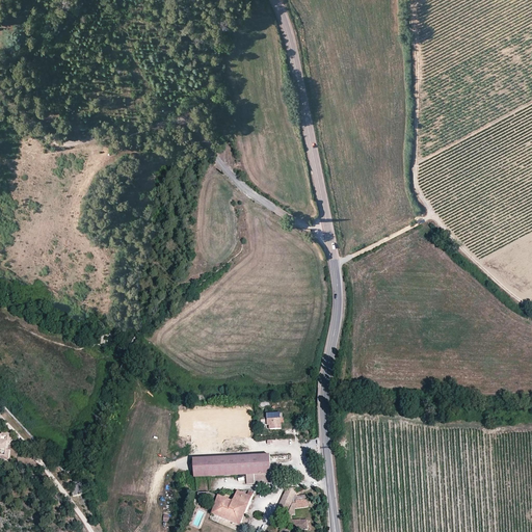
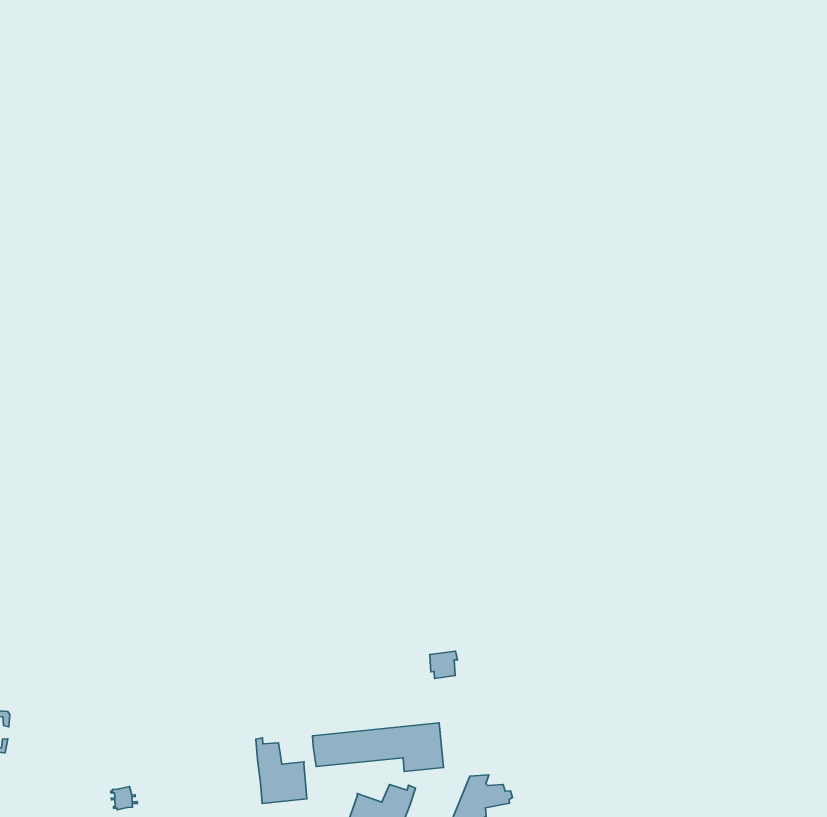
building: none -> [256,738,307,803]

